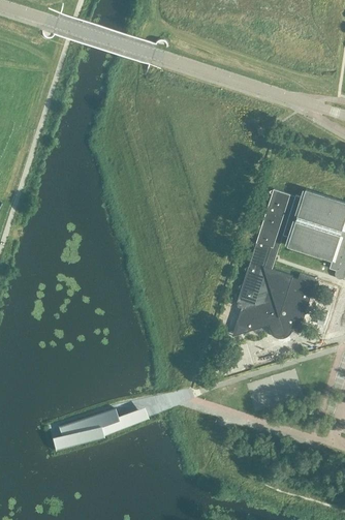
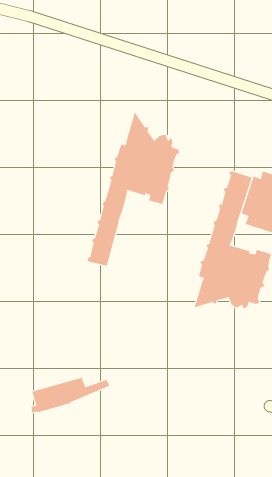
building: none -> [87,111,180,267]

